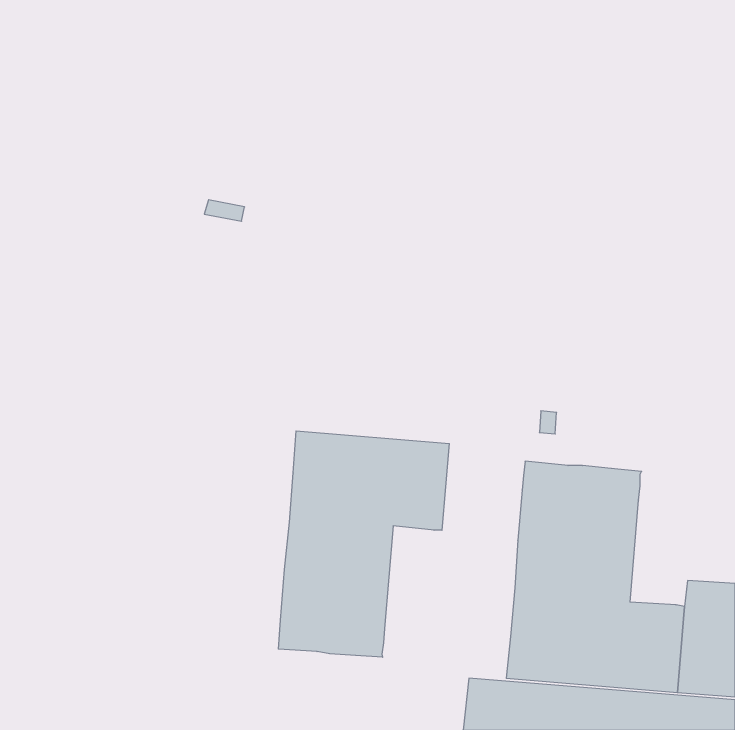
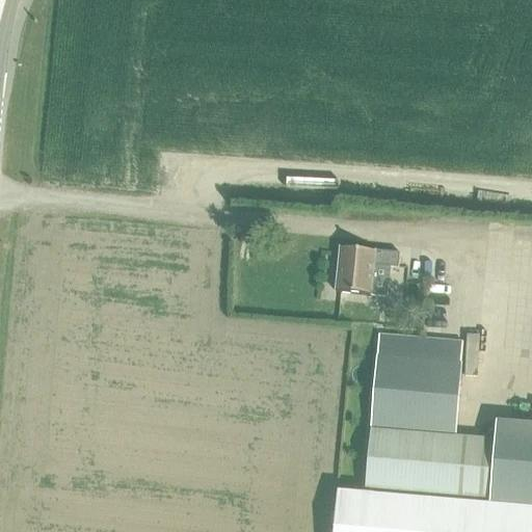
building: none -> [336,246,400,295]
building: [278,431,449,657] -> none

